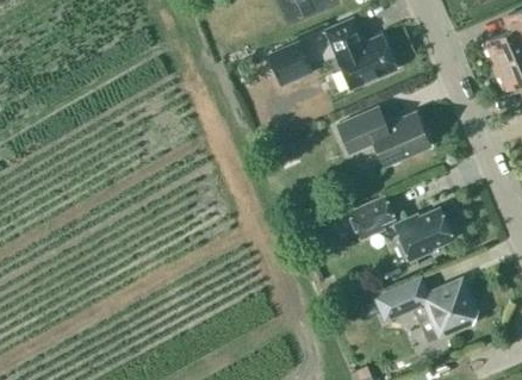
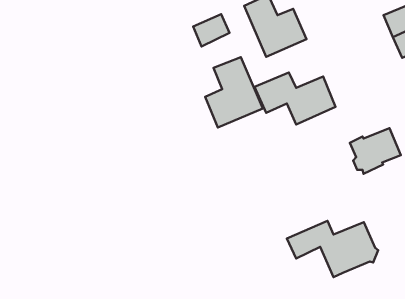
building: none -> [205,57,263,128]
building: [349,195,394,232] -> none
building: [394,207,453,260] -> [350,128,401,174]

